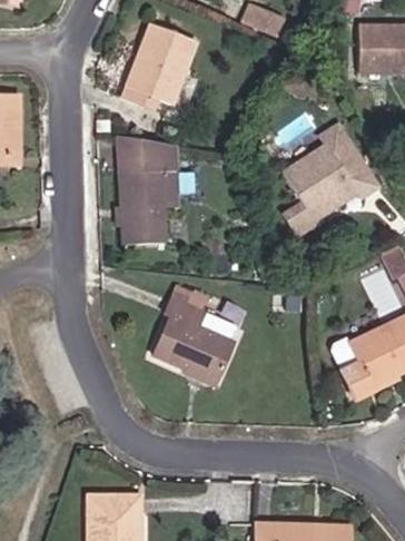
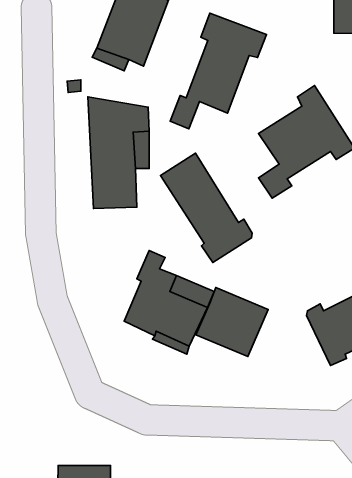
building: none -> [170,13,266,129]
building: none -> [161,153,252,262]
building: none -> [196,287,268,356]

